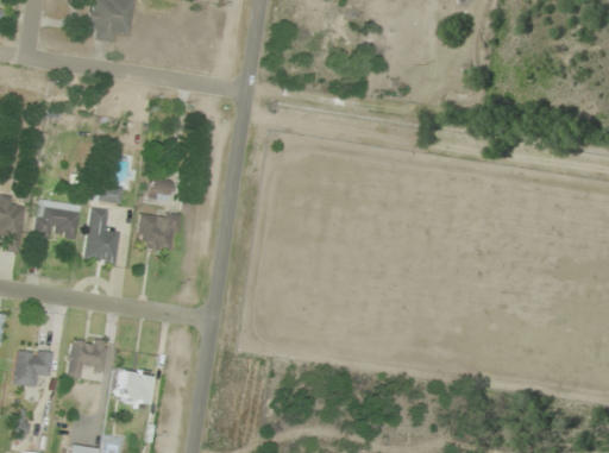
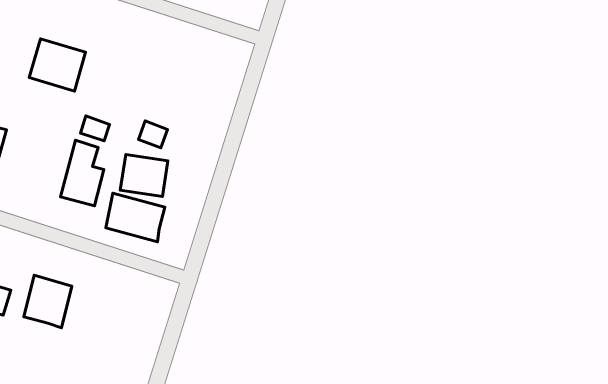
building: [33,197,81,240] -> [29,39,85,91]
building: none -> [106,193,165,242]
building: [118,370,149,404] -> none

